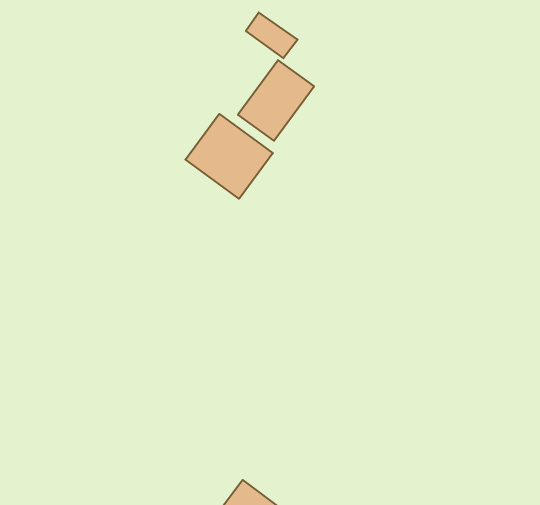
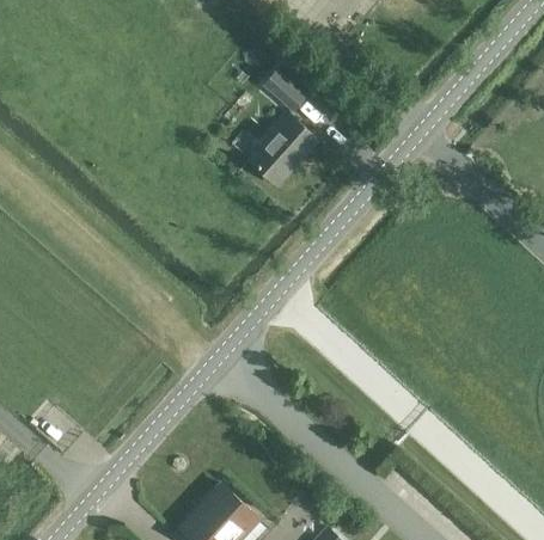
building: [185,114,273,199] -> none

